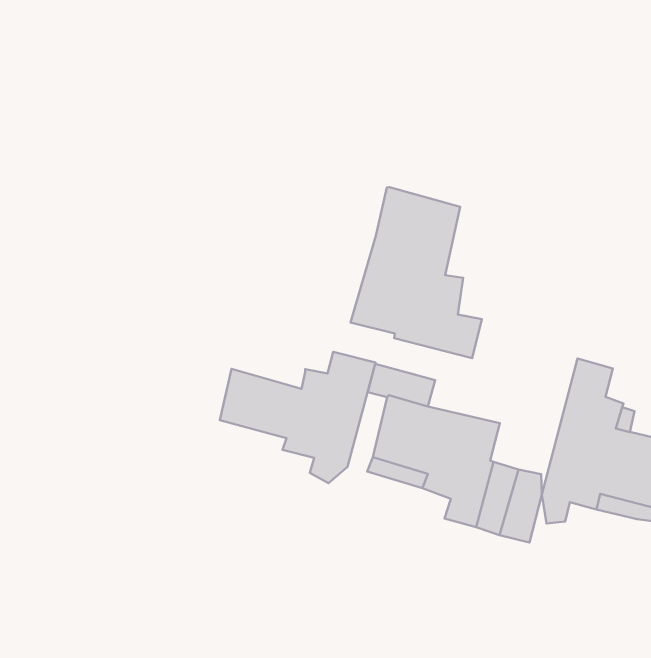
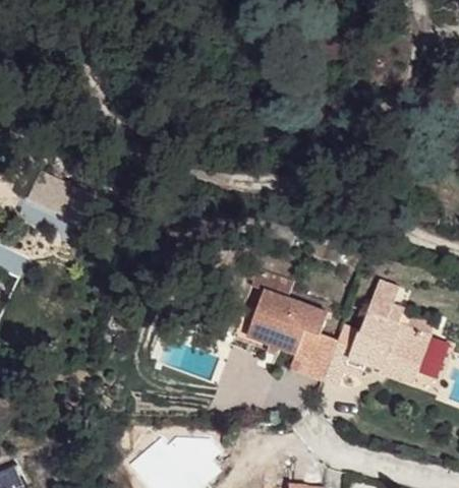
building: [351,187,482,358] -> none
building: [220,352,375,483] -> none

